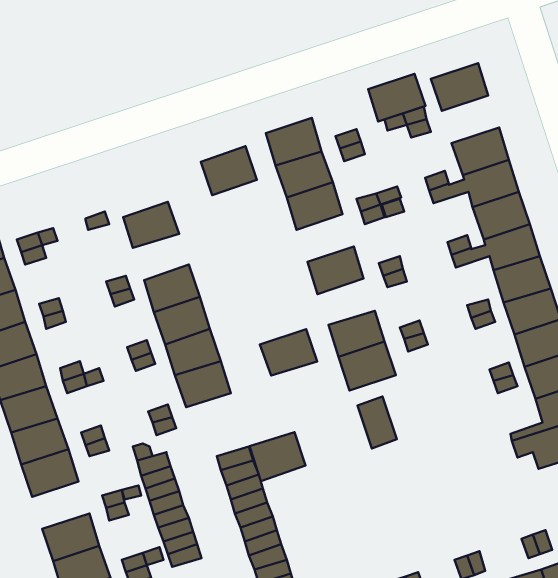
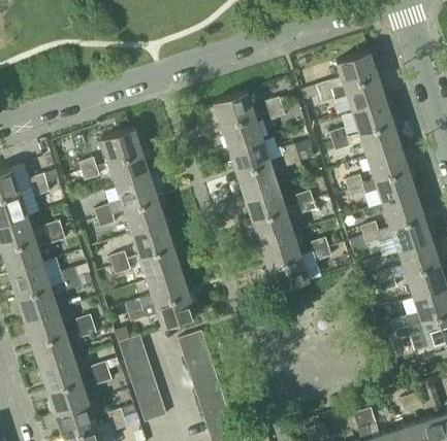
building: [368,74,426,121] -> [344,73,386,108]
building: [201,146,257,195] -> [100,127,141,163]
building: none -> [236,161,279,196]
building: none -> [116,175,157,209]
building: [260,329,317,375] -> [252,208,294,242]
building: [358,396,397,448] -> none
building: [250,432,306,481] -> [155,293,196,329]
building: none -> [41,358,84,393]

